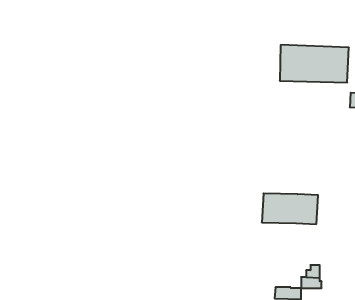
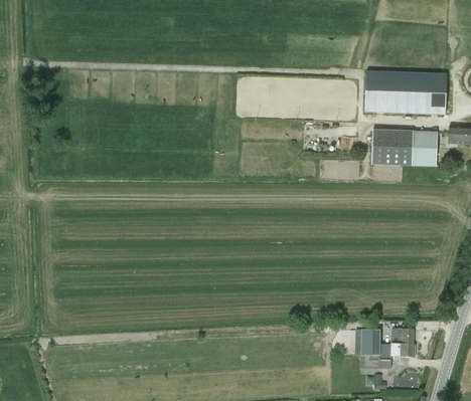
building: [262,193,318,224] -> [370,130,437,166]
building: none -> [359,329,378,355]

